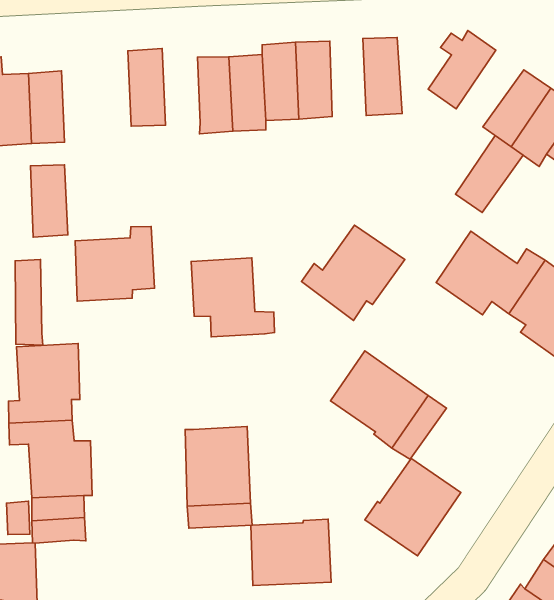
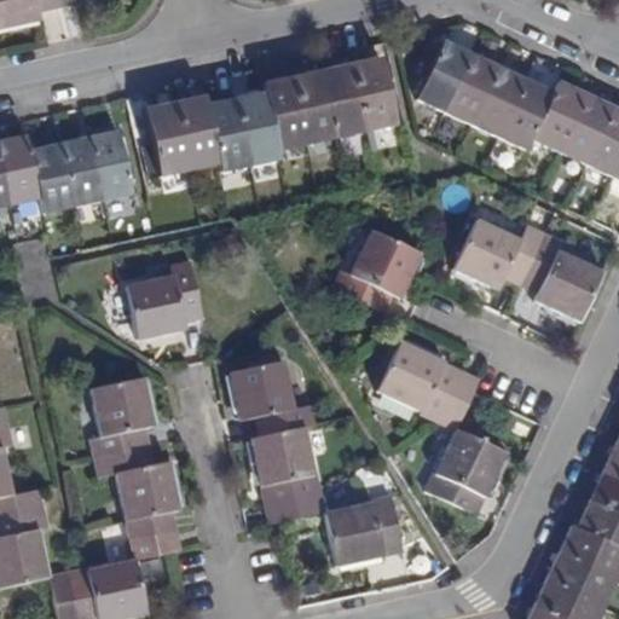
building: none -> [322,63,365,137]
building: none -> [174,96,219,169]
building: [455,136,523,212] -> [444,53,498,123]
building: [30,165,68,237] -> [88,131,132,199]
building: [191,258,275,337] -> [230,359,314,435]
building: [15,260,43,345] -> none

